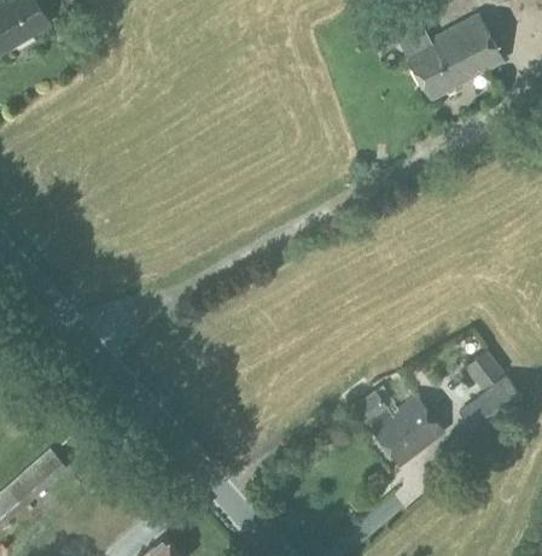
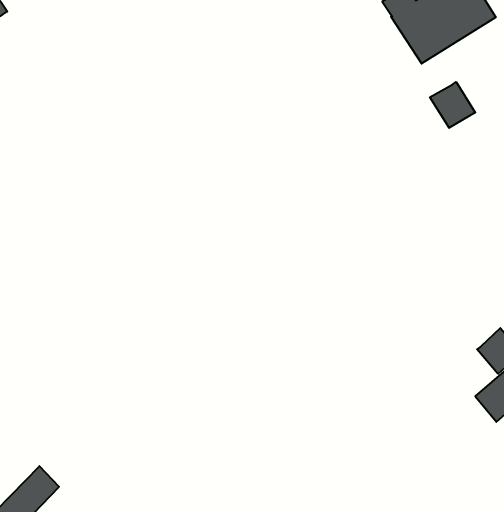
building: none -> [430,82,475,128]
building: [354,392,442,466] -> none

